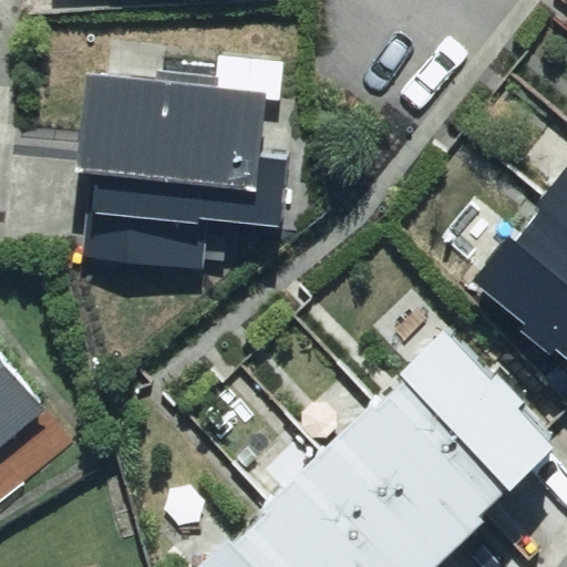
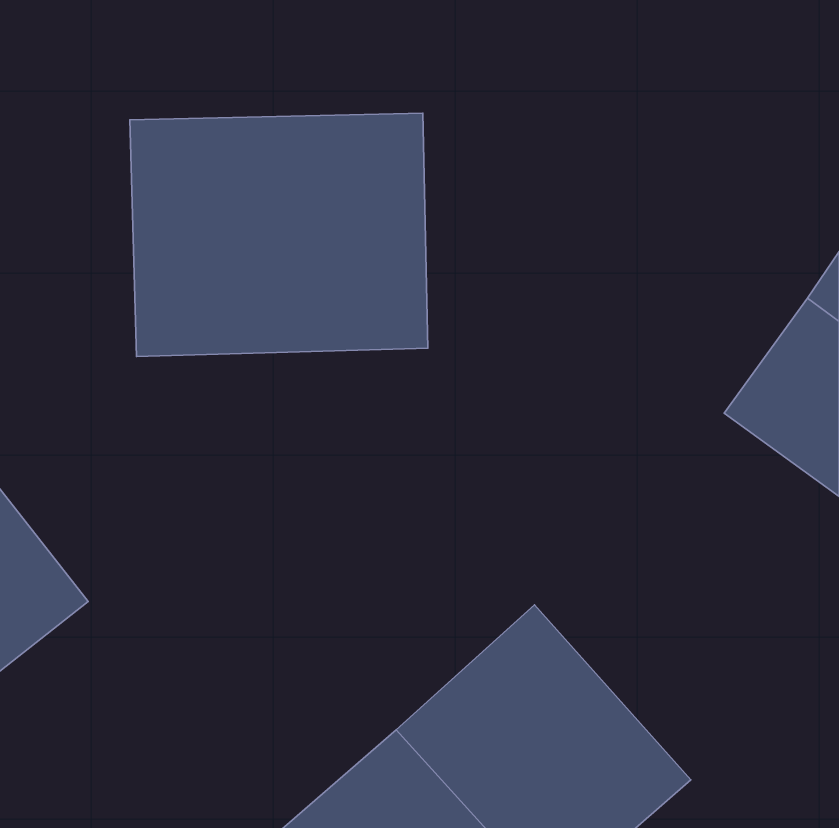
building: [355,336,553,534] -> none

